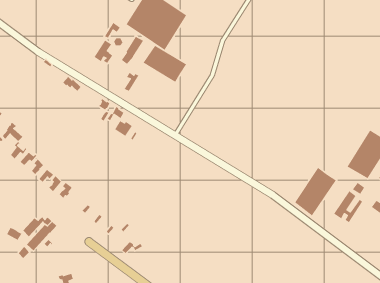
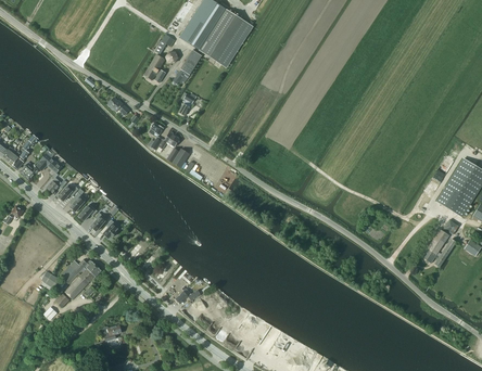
building: [143,45,187,83] -> none
building: [294,167,337,216] -> none

